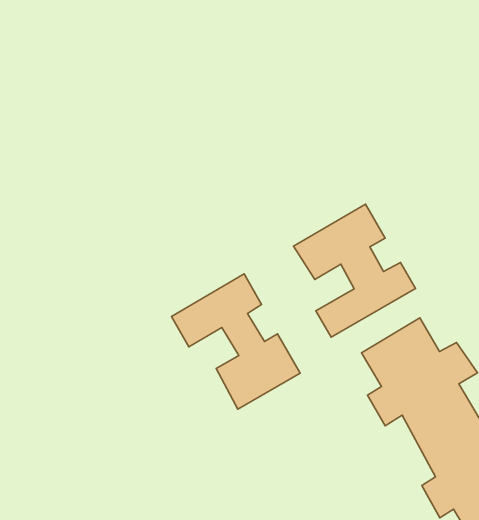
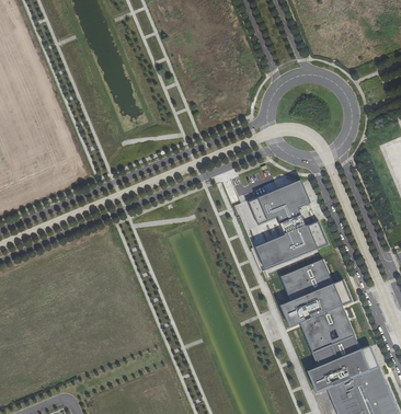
building: [171,274,300,409] -> none

